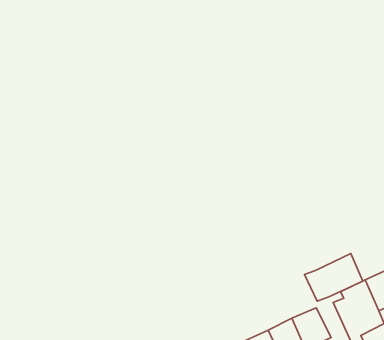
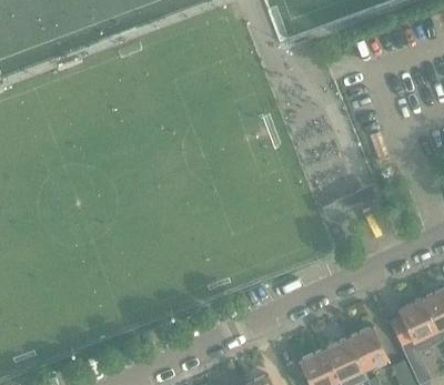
building: [305,254,363,301] -> none

